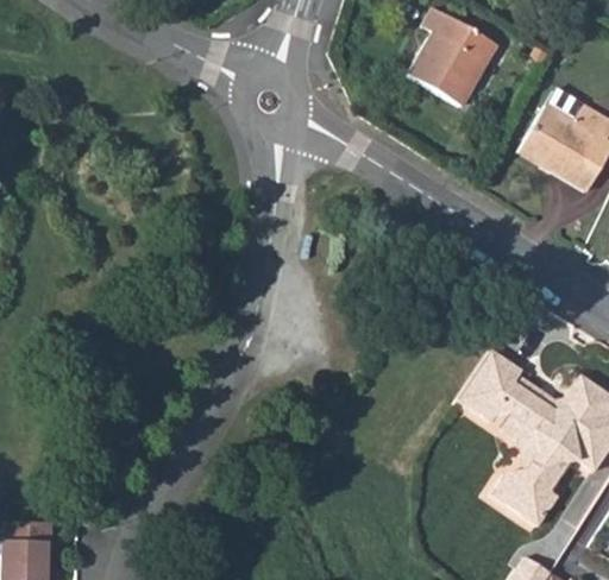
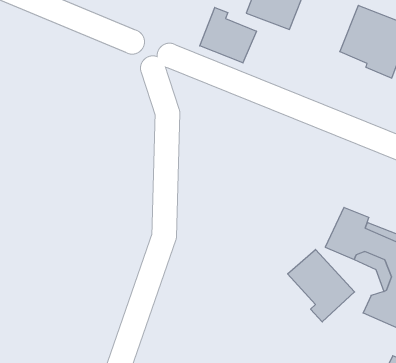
building: none -> [200,7,256,63]
building: none -> [288,249,355,322]

